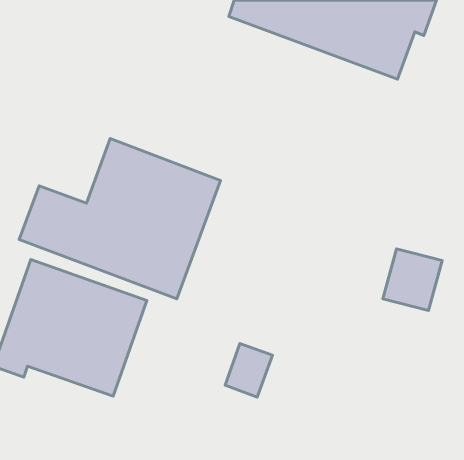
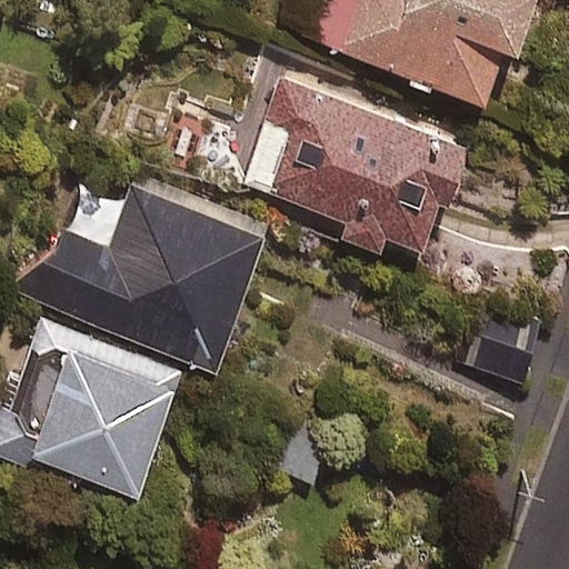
building: none -> [243,82,470,250]

